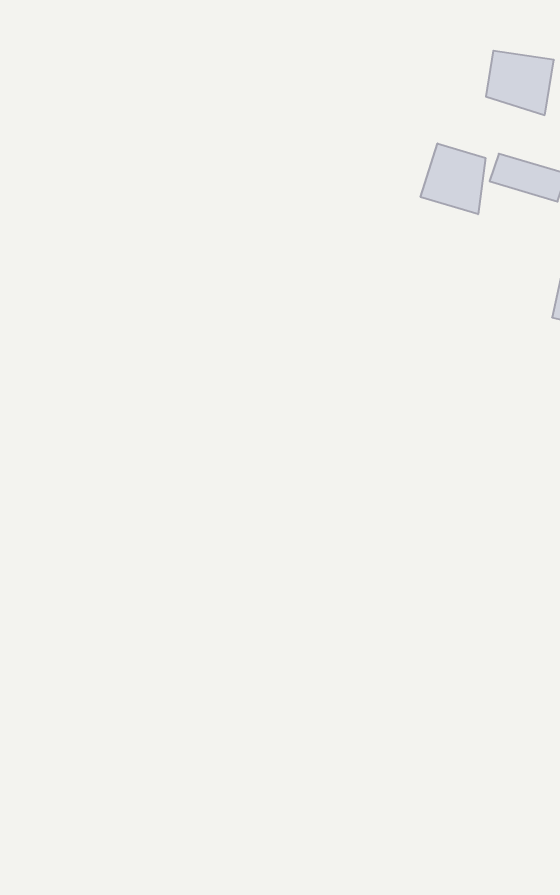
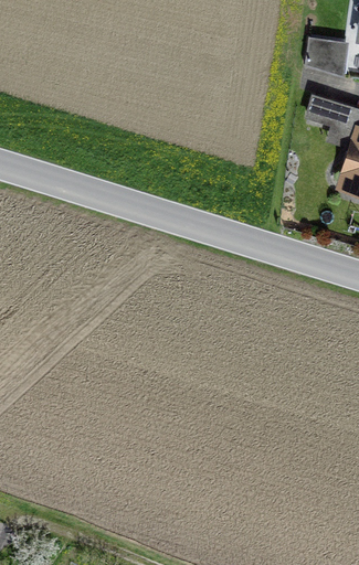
building: [421,143,485,214] -> none

